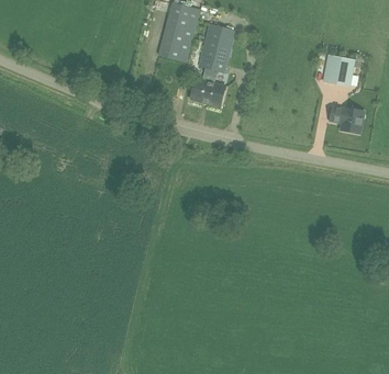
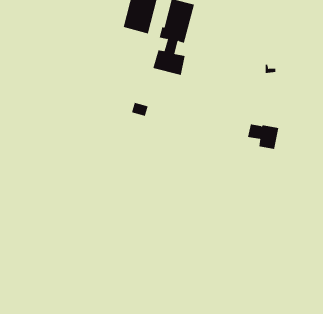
building: [323,54,354,86] -> none
building: [329,105,363,133] -> [247,124,279,150]

